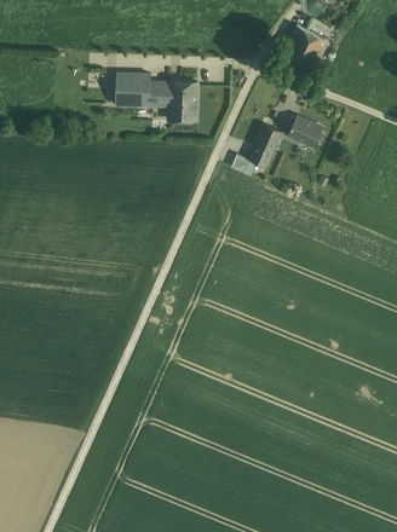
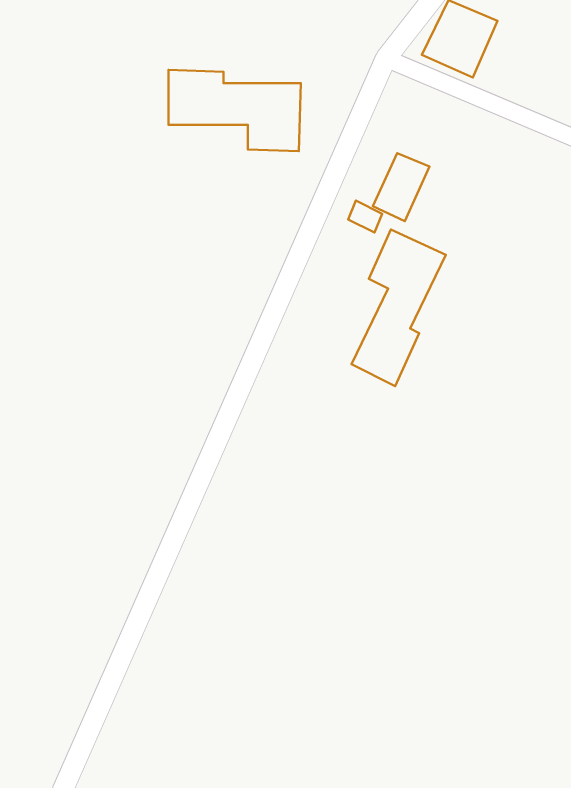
building: [288,116,324,149] -> none
building: none -> [352,229,446,386]

